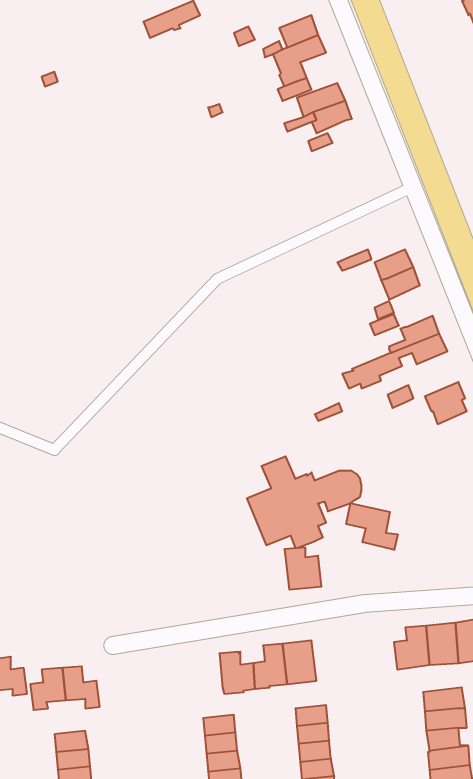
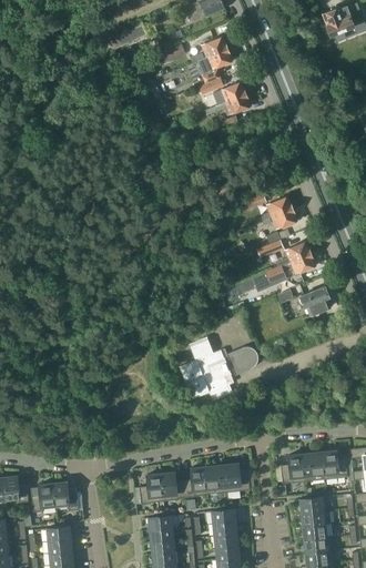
building: [346,503,398,550] -> none
building: [284,548,322,590] -> [223,463,248,491]
building: none -> [139,473,163,504]

